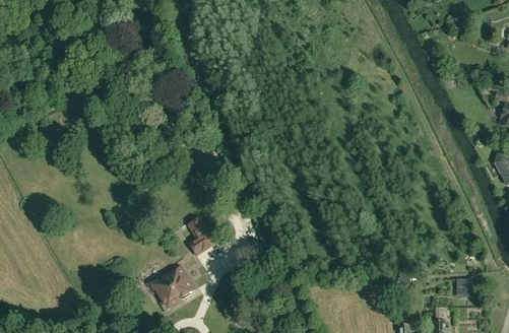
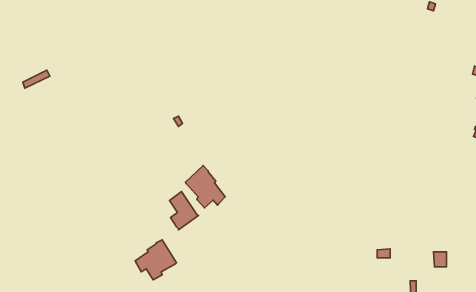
building: none -> [185,165,225,208]

